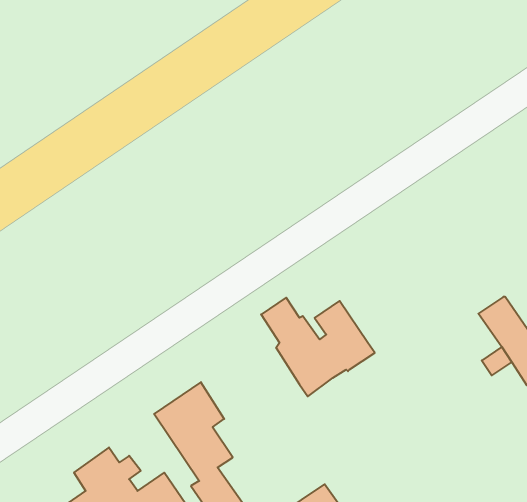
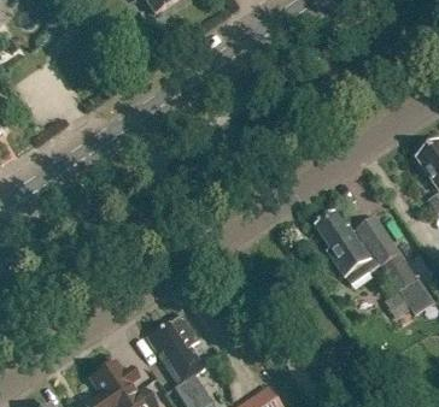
building: [261,298,375,396] -> [317,213,399,284]

